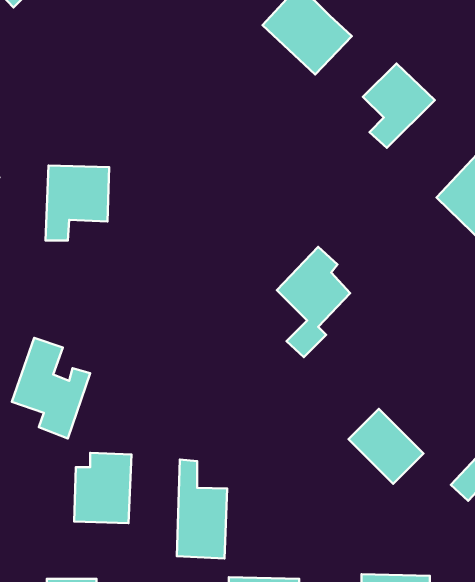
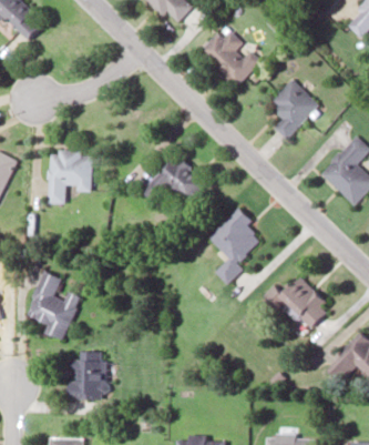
building: none -> [141,153,207,203]
building: [349,409,424,484] -> [278,276,330,328]
building: [177,460,227,558] -> none

